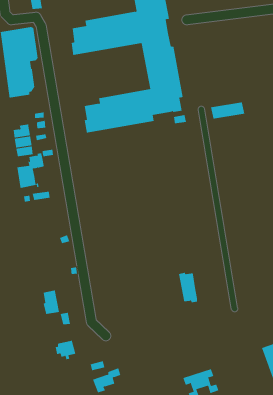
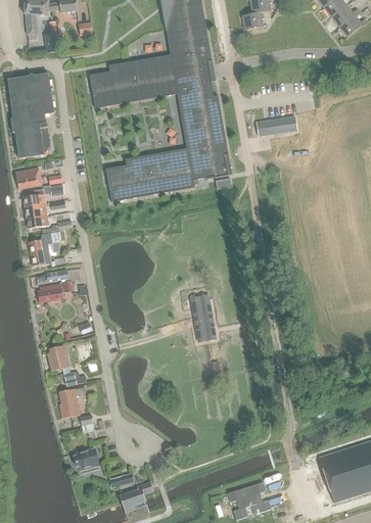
building: [210,102,245,119] -> [254,115,296,136]
building: none -> [14,168,41,189]
building: none -> [37,280,71,302]
building: none -> [46,344,86,386]
building: [178,272,198,303] -> [190,299,214,336]

